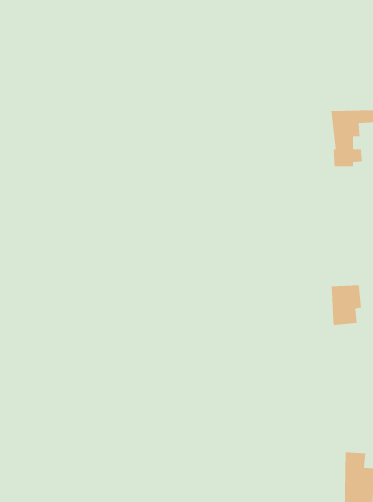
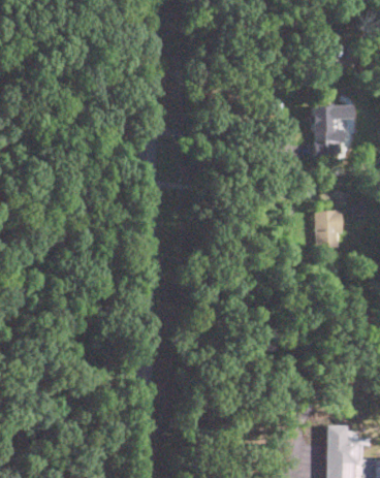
building: [331,285,362,326] -> [318,210,347,248]

